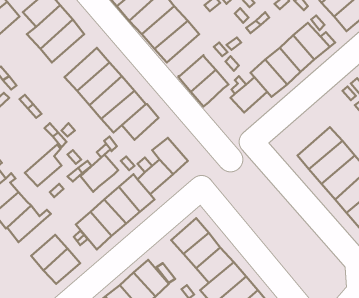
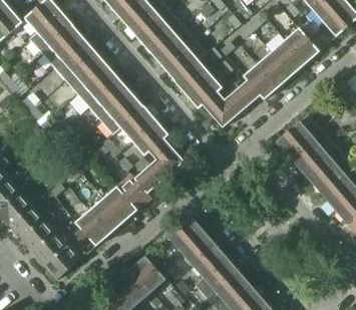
building: none -> [52,39,95,80]
building: none -> [162,39,206,79]
building: none -> [203,91,237,126]
building: none -> [276,114,319,156]
building: [25,145,61,186] -> [20,212,55,252]
building: [81,154,118,192] -> [131,119,167,156]

